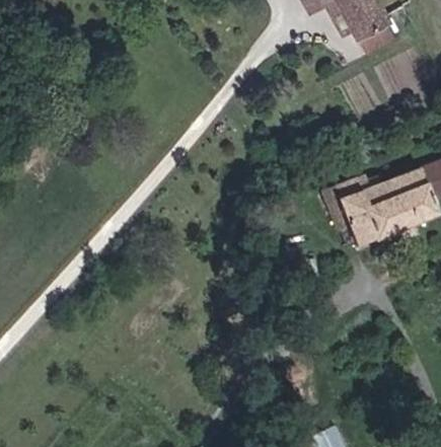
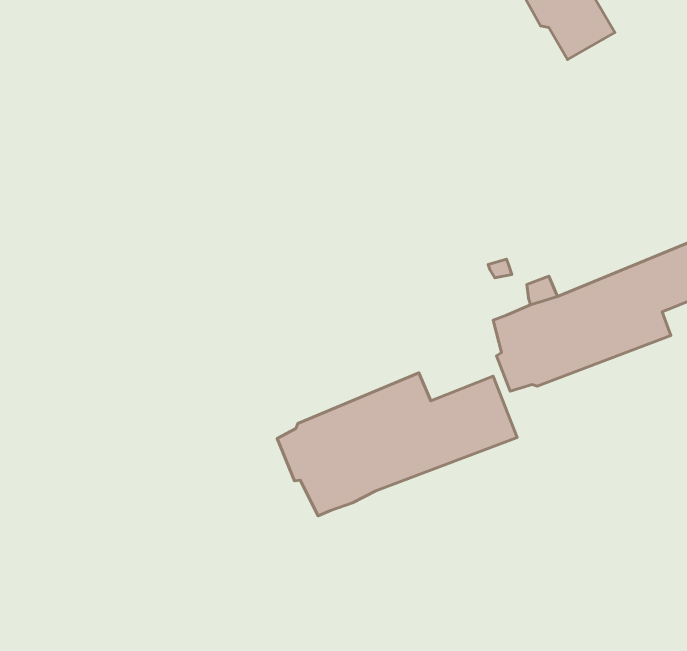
building: none -> [277,373,517,516]

